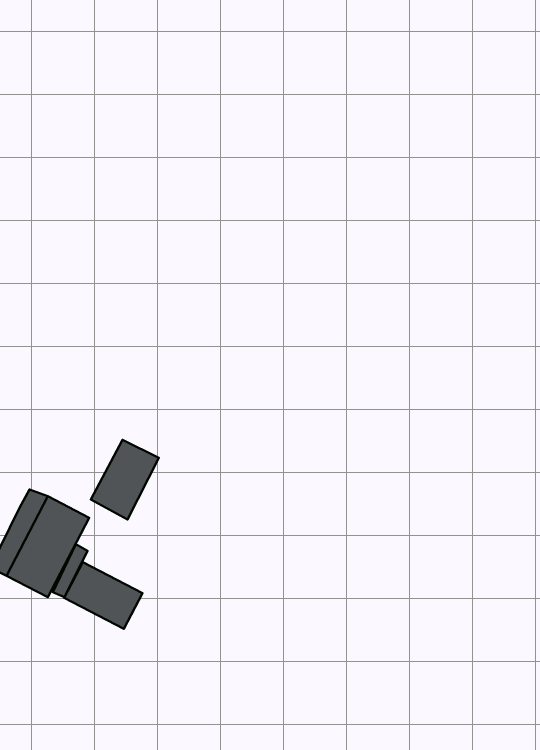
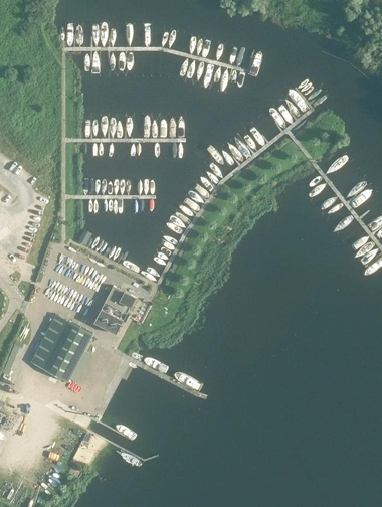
building: [64,562,143,629] -> none

